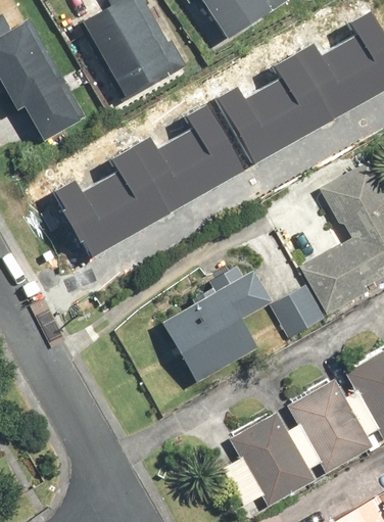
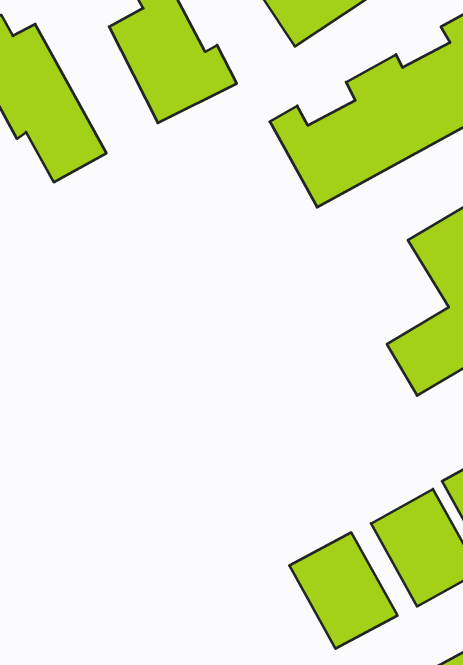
building: [50,103,245,256] -> none
building: [160,272,272,385] -> none
building: [271,287,324,338] -> none

